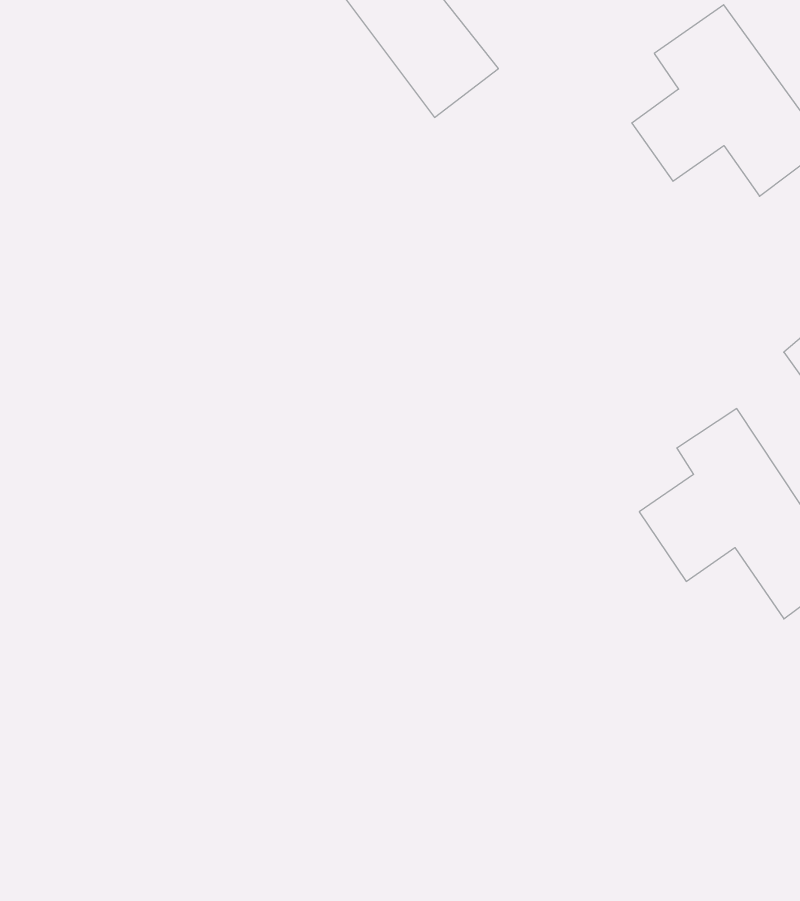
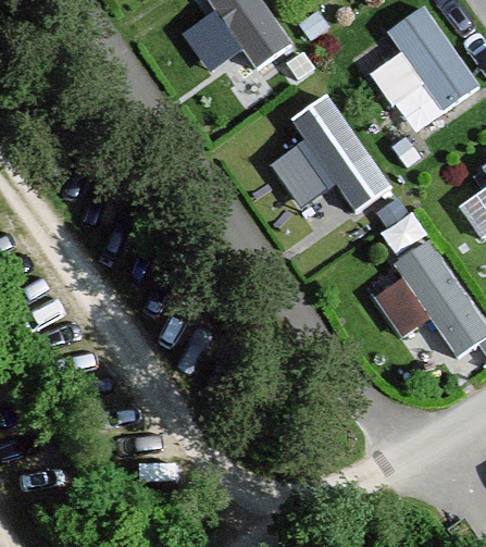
building: none -> [270,92,391,214]

